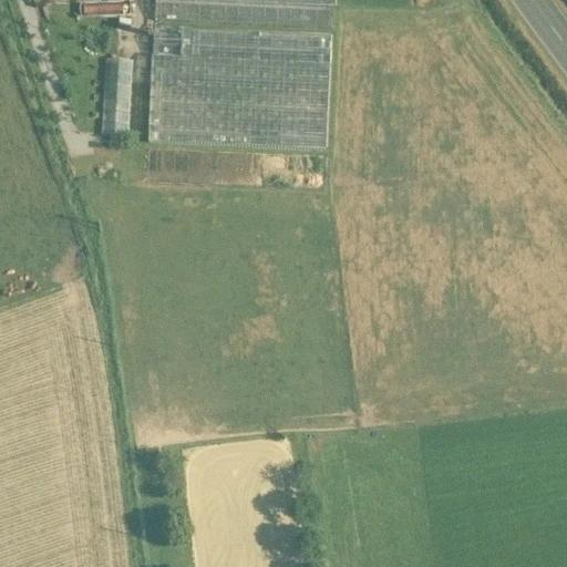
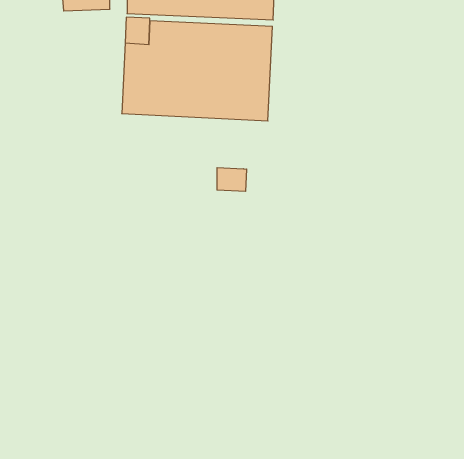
building: [102,54,133,133] -> none
building: none -> [217,168,247,191]

